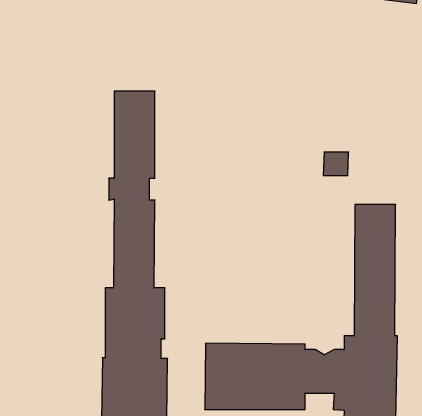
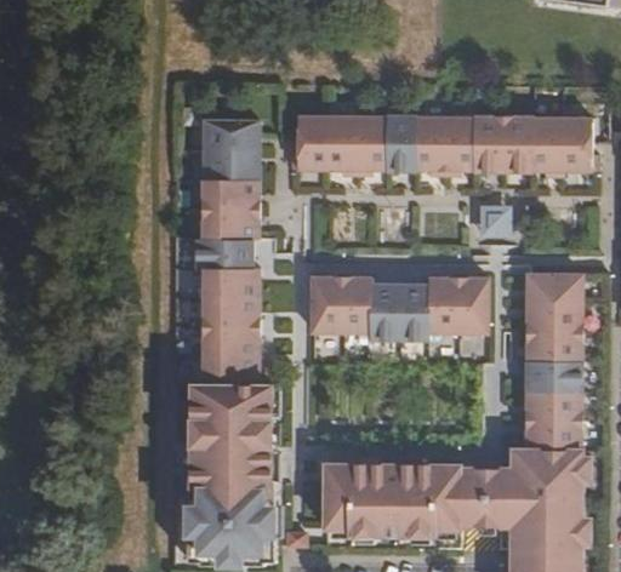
building: none -> [291,115,598,177]
building: none -> [312,274,486,336]

